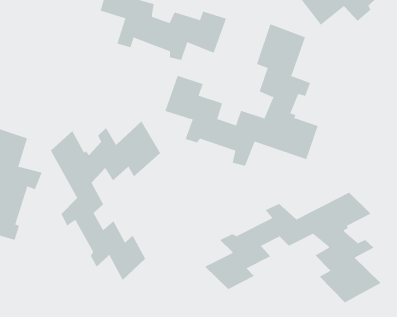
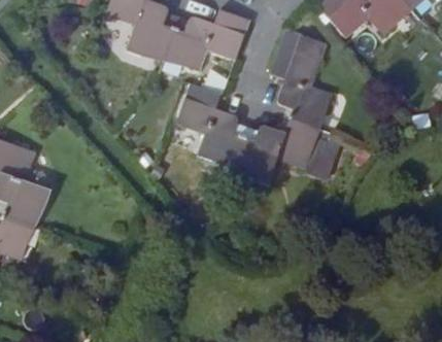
building: [50,120,161,281] -> none
building: [204,192,381,303] -> none

